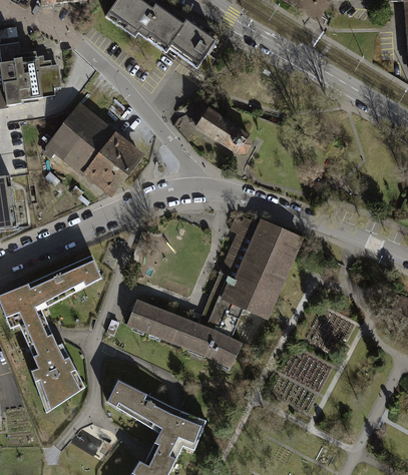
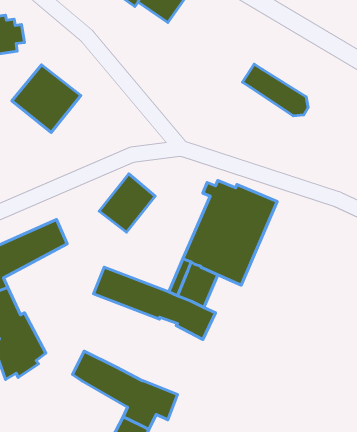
building: [188,104,251,153] -> [242,64,308,116]
building: [86,137,139,192] -> [99,174,155,232]

